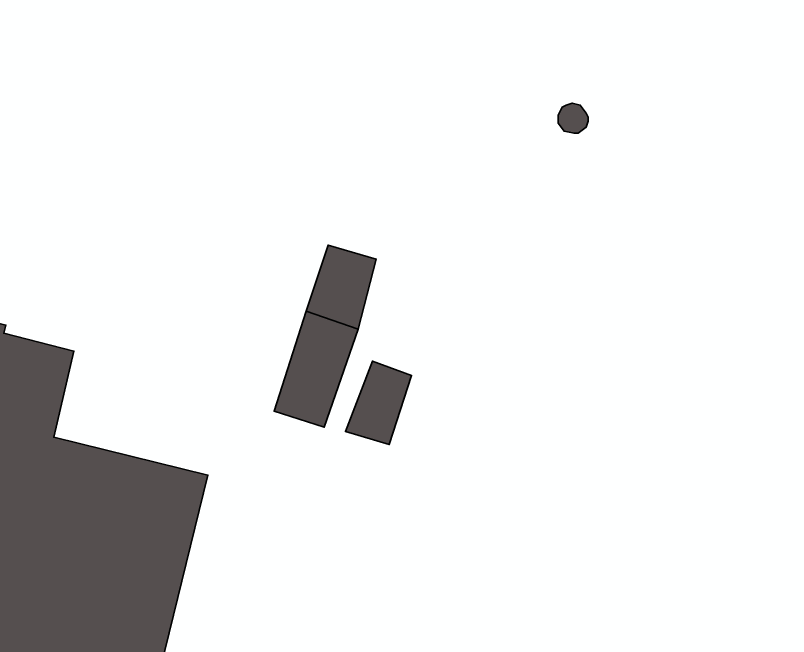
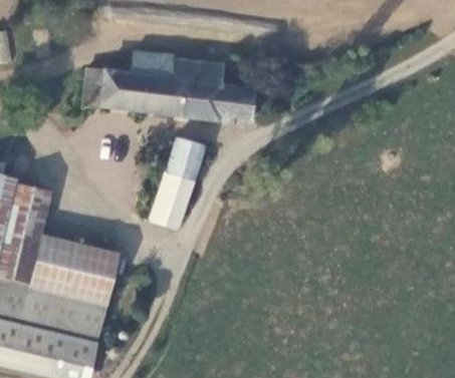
building: none -> [82,52,253,124]
building: [346,361,411,445] -> none

